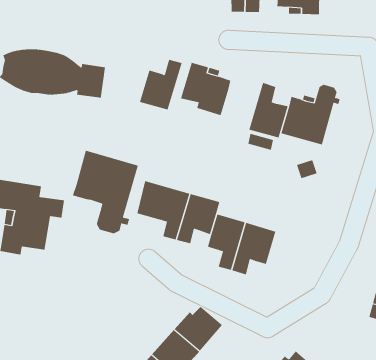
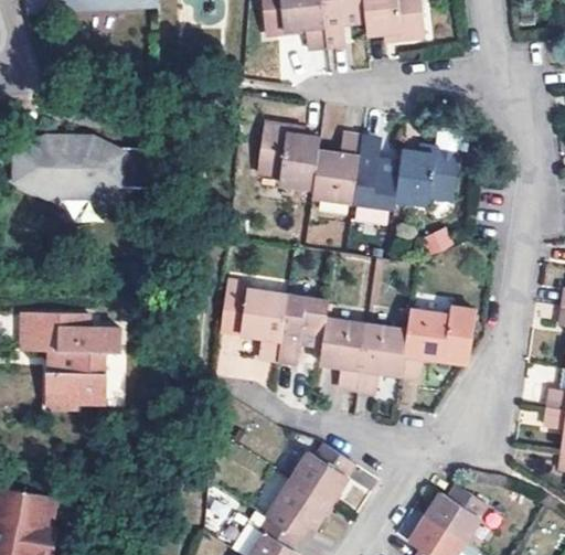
building: [139,59,182,110] -> [312,135,362,202]
building: [72,150,138,234] -> none
building: none -> [401,307,477,378]

